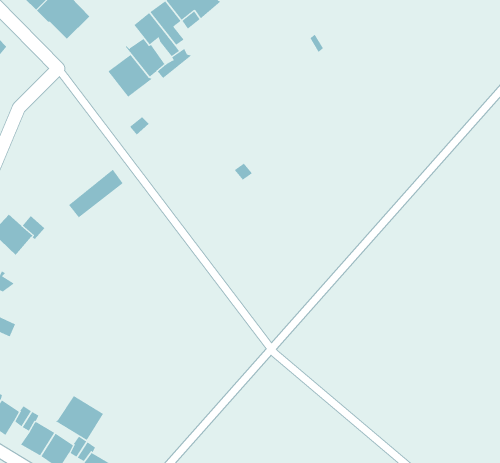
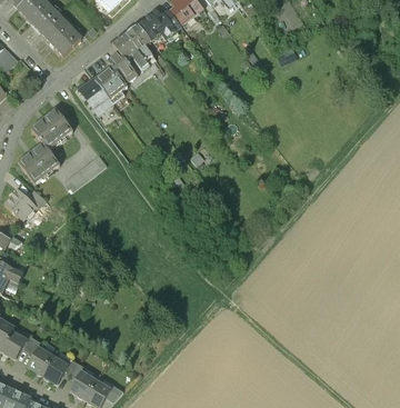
building: none -> [80,78,112,113]
building: none -> [18,107,73,182]
building: [55,395,104,441] -> none

